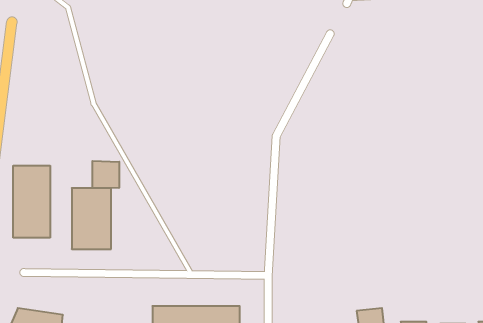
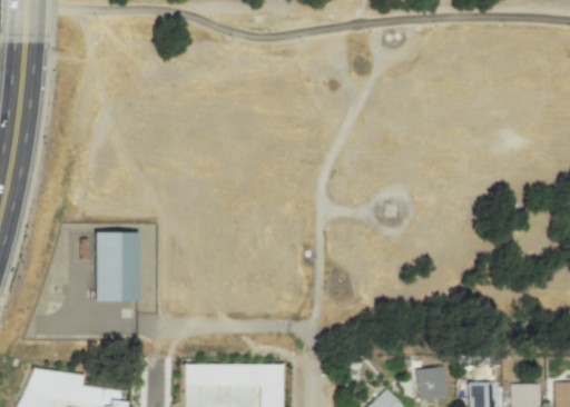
building: [92,161,119,188] -> none
building: [13,166,50,238] -> none

